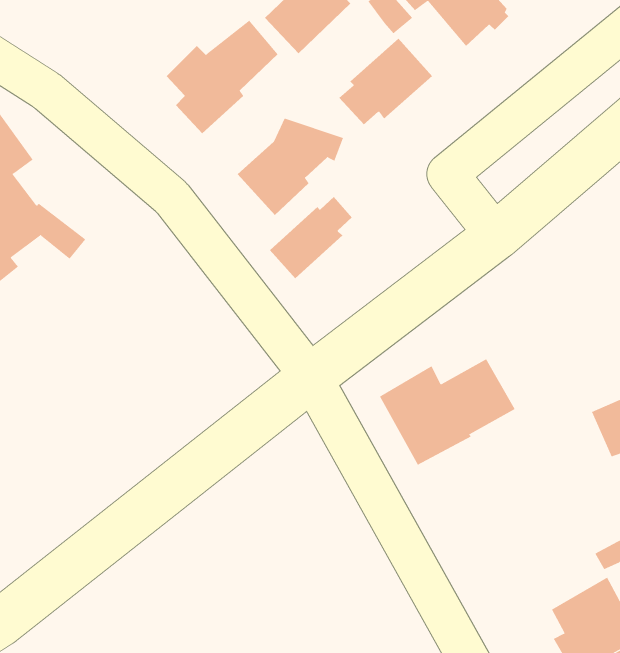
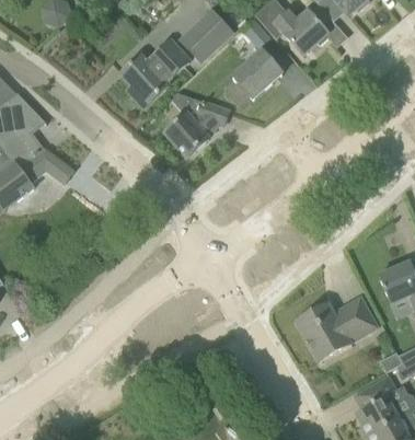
building: [269,196,352,279] -> none
building: [379,358,516,465] -> [296,297,378,361]

